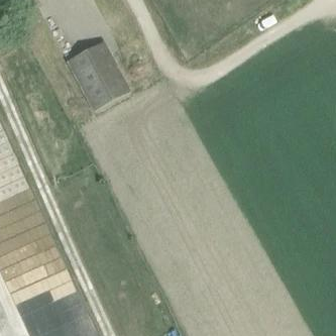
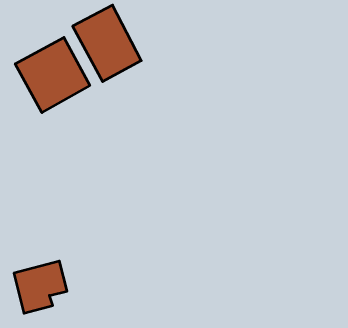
building: none -> [15,37,90,113]

